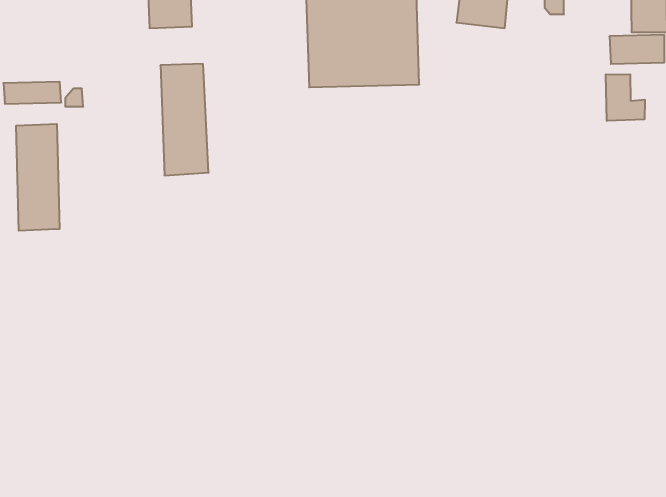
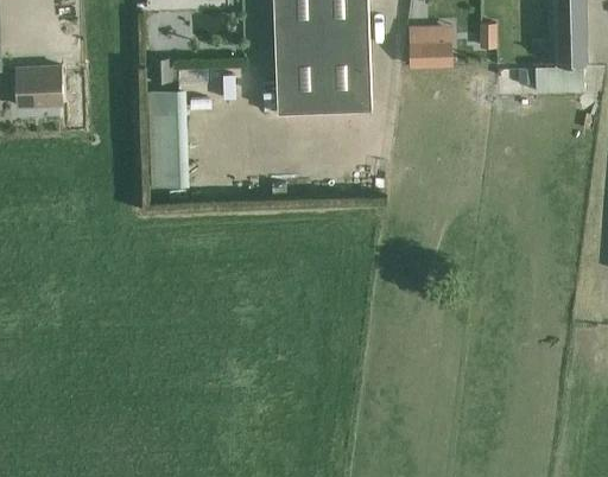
building: none -> [15,65,63,104]
building: [606,74,645,121] -> none
building: [16,124,59,231] -> none

